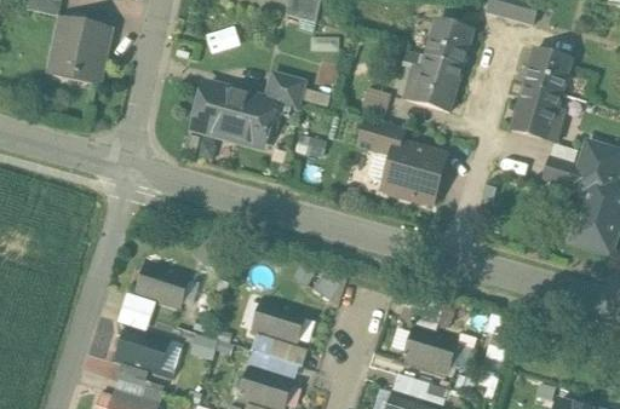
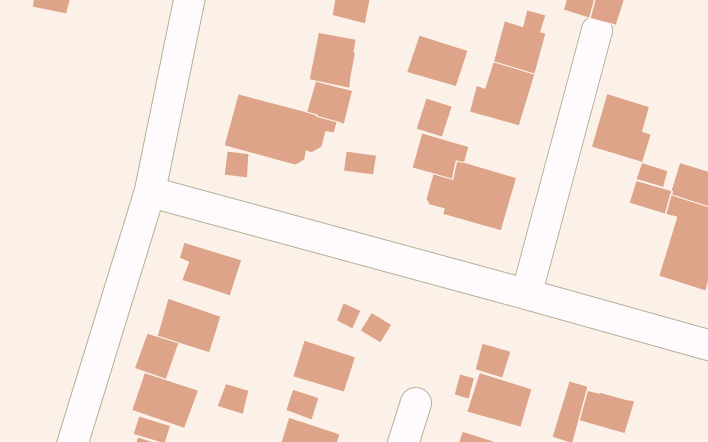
building: [52,23,108,80] -> none
building: none -> [309,32,356,88]
building: none -> [406,35,468,87]
building: [526,50,572,94] -> none
building: none -> [179,242,242,296]
building: [246,333,305,378] -> none
building: none -> [579,390,635,434]

